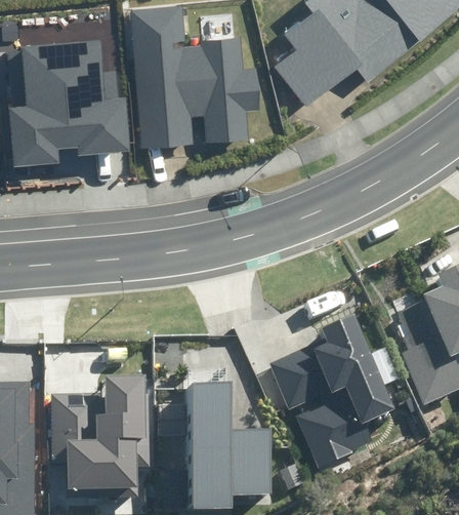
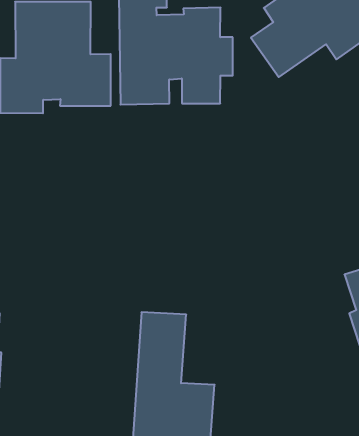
building: [269,314,397,467] -> none
building: [52,377,145,497] -> none

